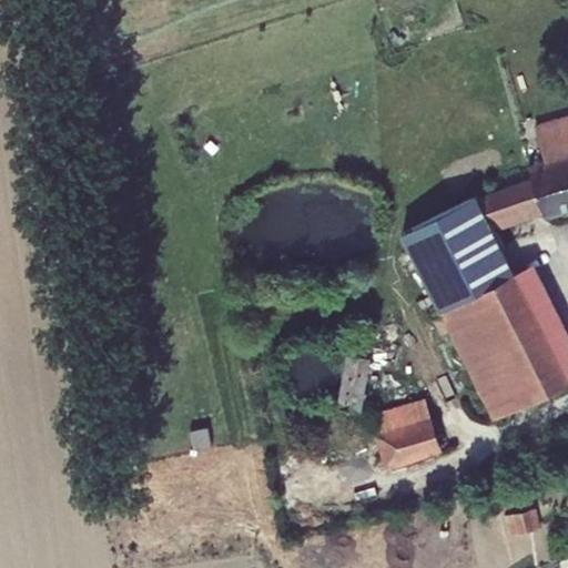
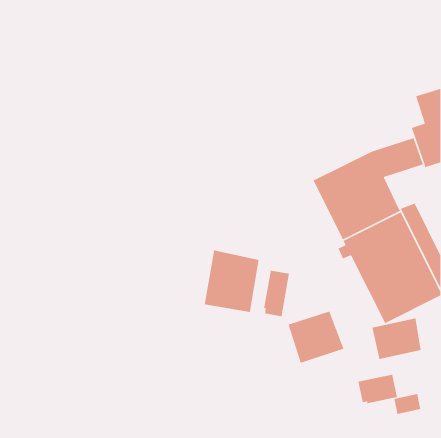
building: none -> [204,249,259,313]
building: none -> [372,318,421,360]
building: none -> [357,374,398,404]

